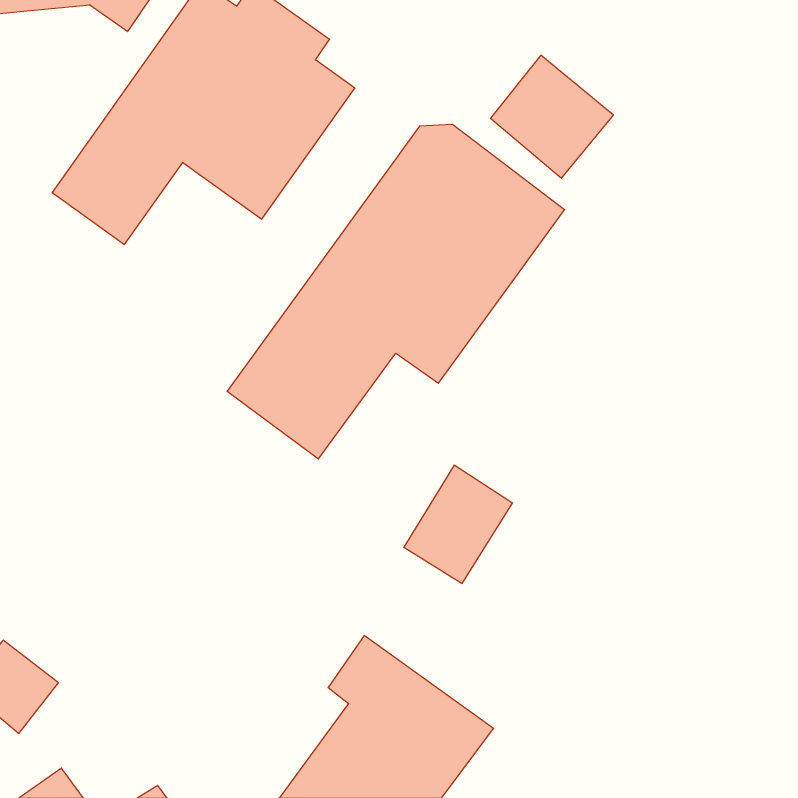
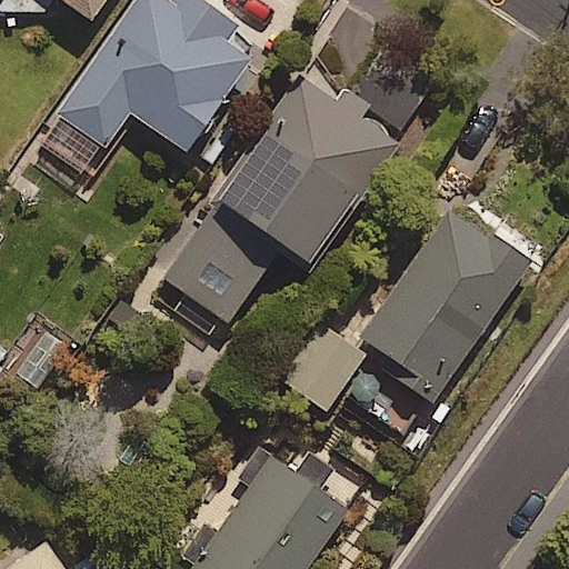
building: none -> [357,201,533,405]

